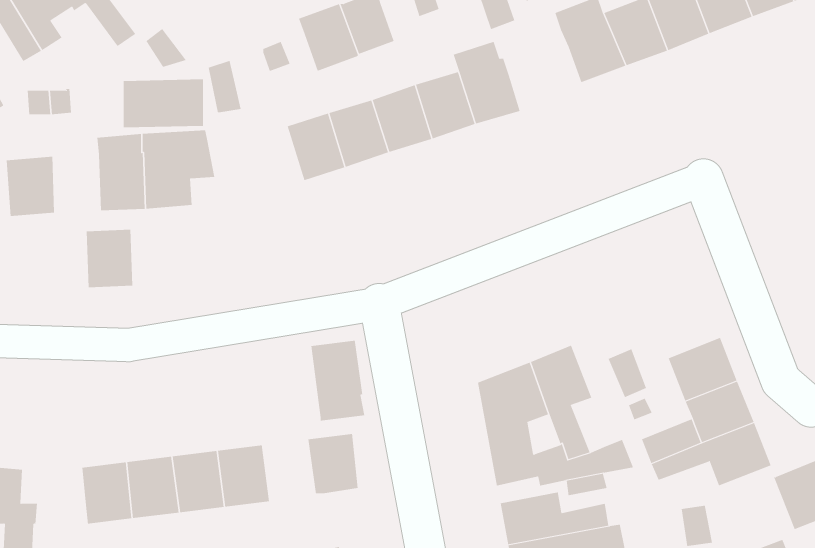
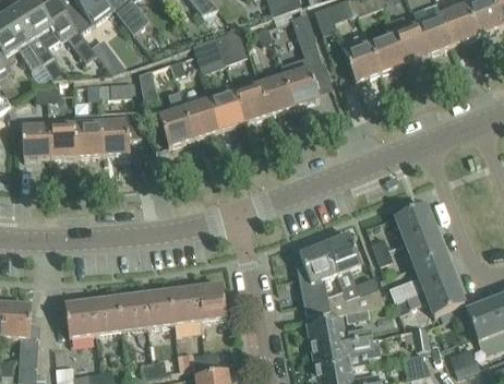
building: none -> [158,91,194,146]
building: [86,229,133,288] -> [49,123,76,157]
building: none -> [395,205,435,241]
building: [310,340,365,421] -> [170,288,202,335]

